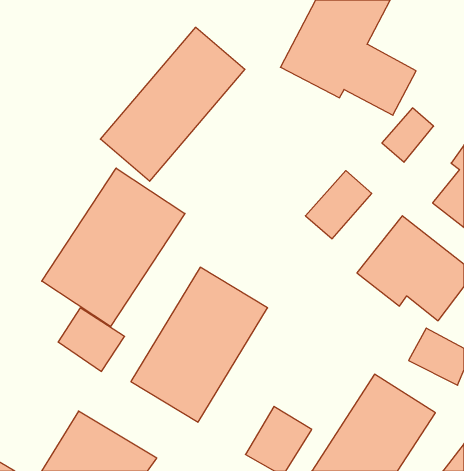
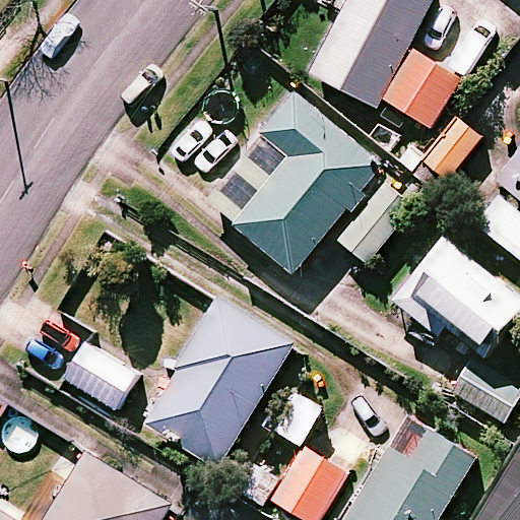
building: [100,27,245,181] -> none
building: none -> [205,91,384,272]
building: [42,168,185,327] -> none

